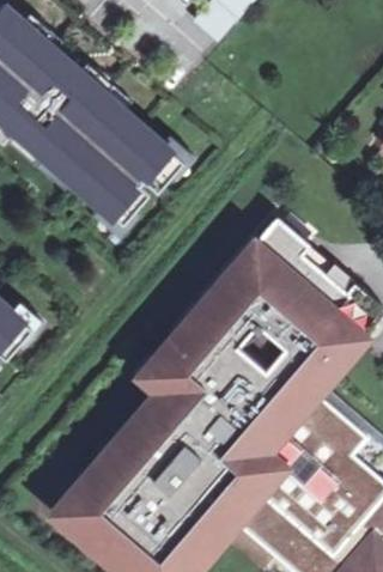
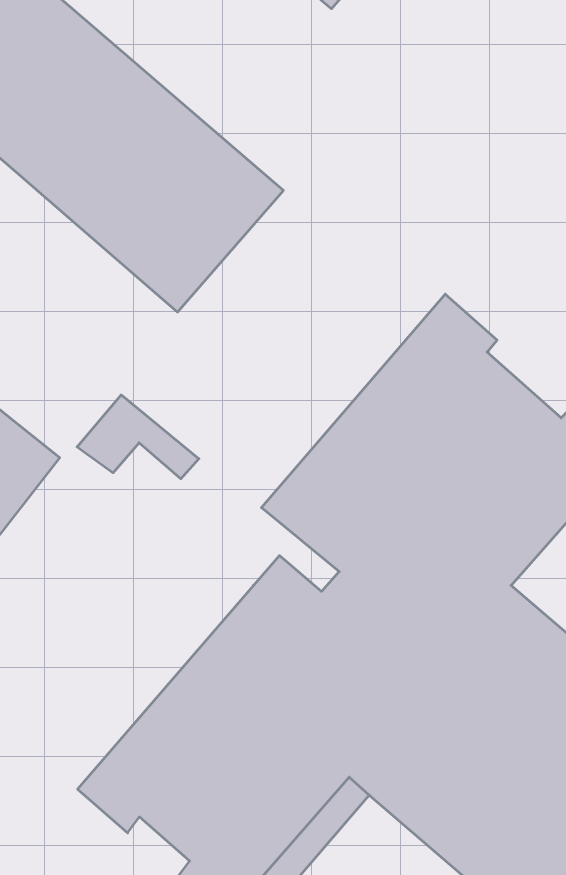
building: [138,345,211,395] -> [77,395,199,479]

